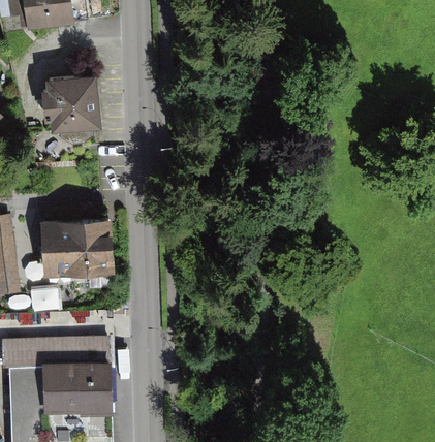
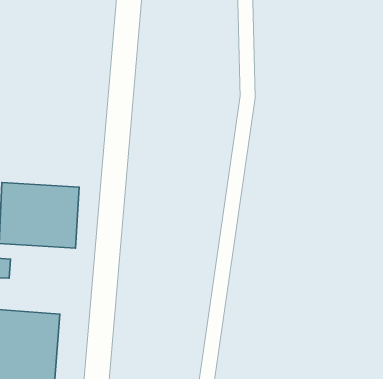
building: [40,73,100,132] -> none

